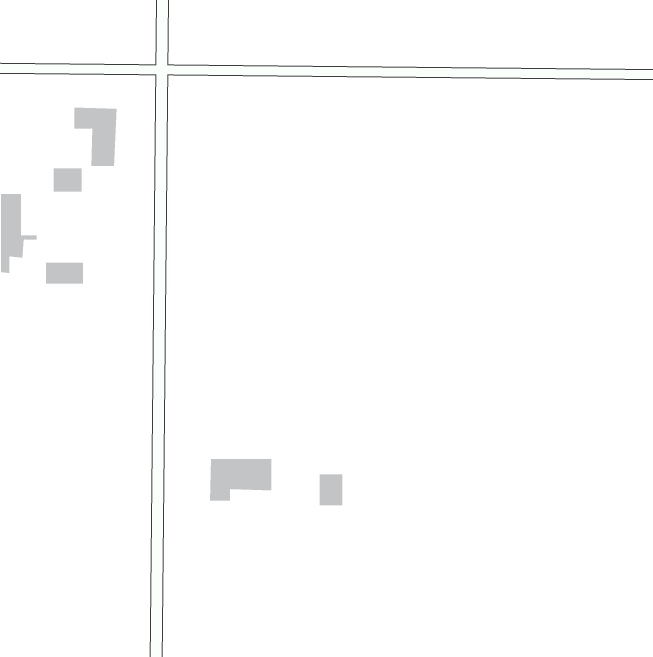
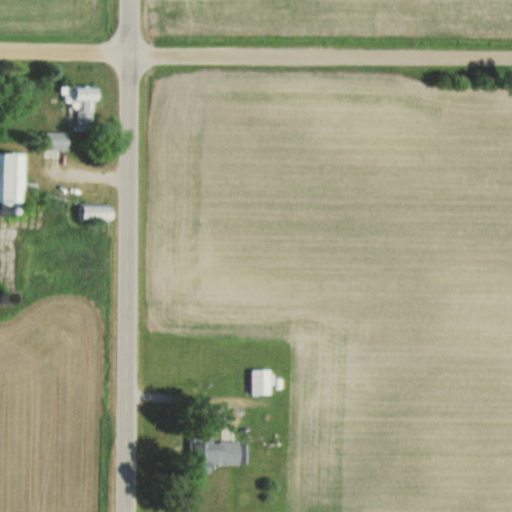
building: [45,262,84,284] -> [81,204,111,221]
building: [209,459,272,501] -> [191,440,240,473]

